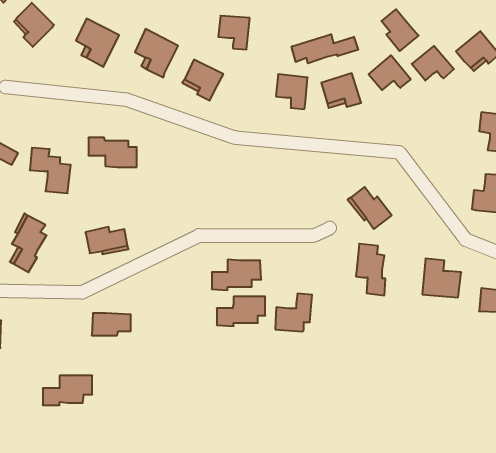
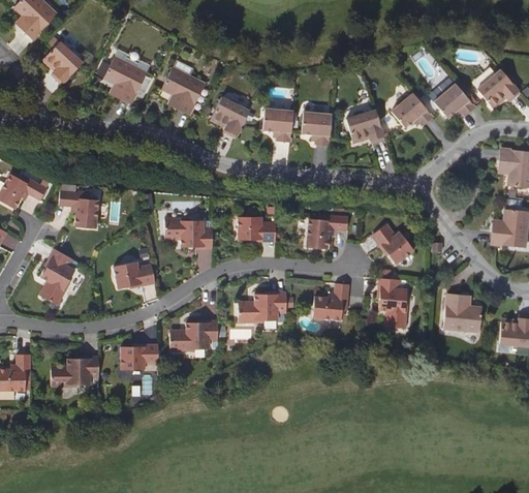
building: [381,9,419,51] -> none
building: [218,16,250,49] -> [261,109,292,142]
building: [292,34,358,63] -> none
building: [88,138,137,167] -> [165,217,213,246]
building: none -> [306,212,348,246]
building: none -> [238,216,276,239]
building: [275,294,312,332] -> [313,283,349,320]
building: [217,297,265,326] -> [169,322,217,351]
building: [43,376,92,405] -> [51,358,99,387]

